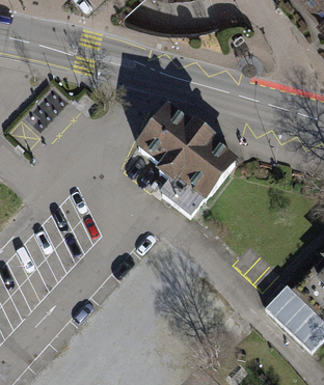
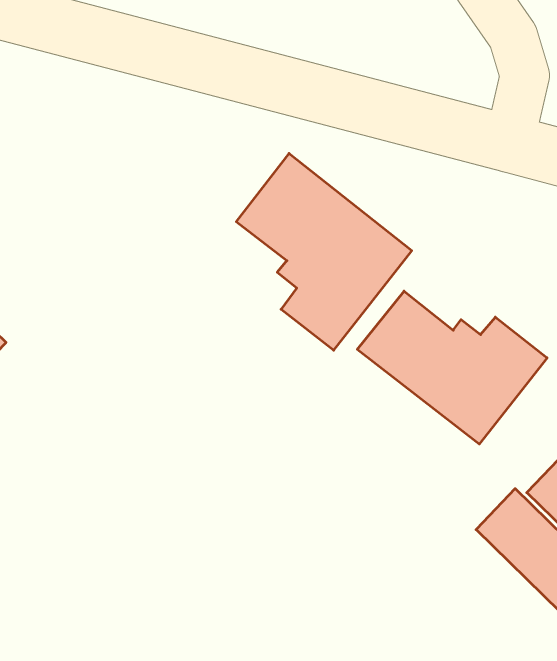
building: none -> [357,291,547,444]

